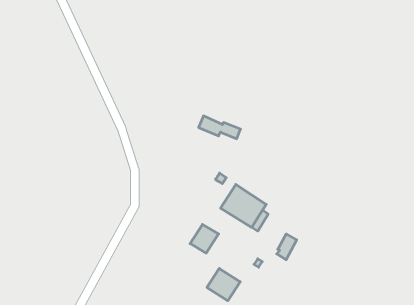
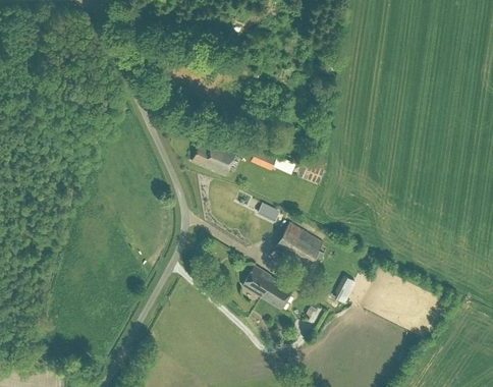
building: none -> [193,141,236,175]
building: [207,268,240,301] -> [258,275,293,310]

